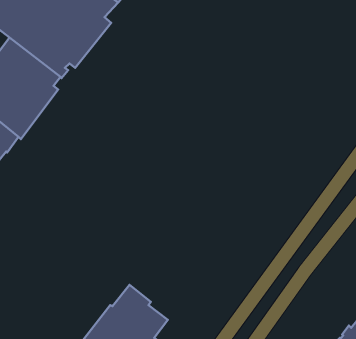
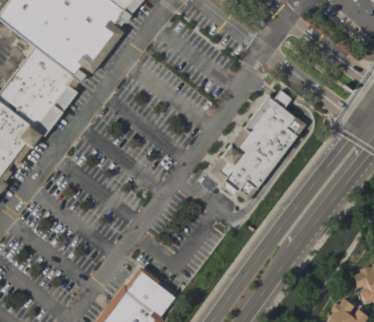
building: none -> [209,89,306,202]

